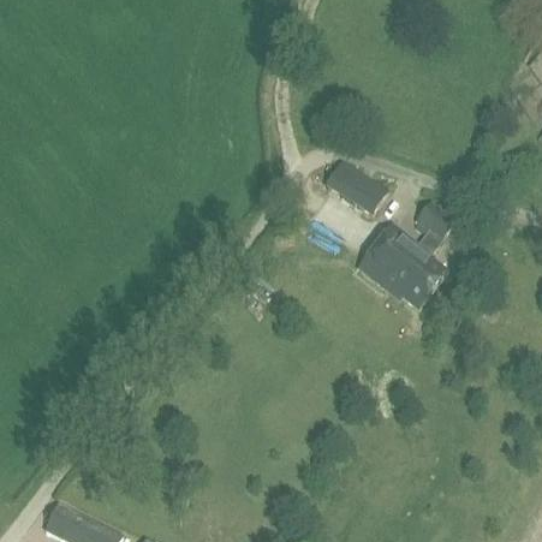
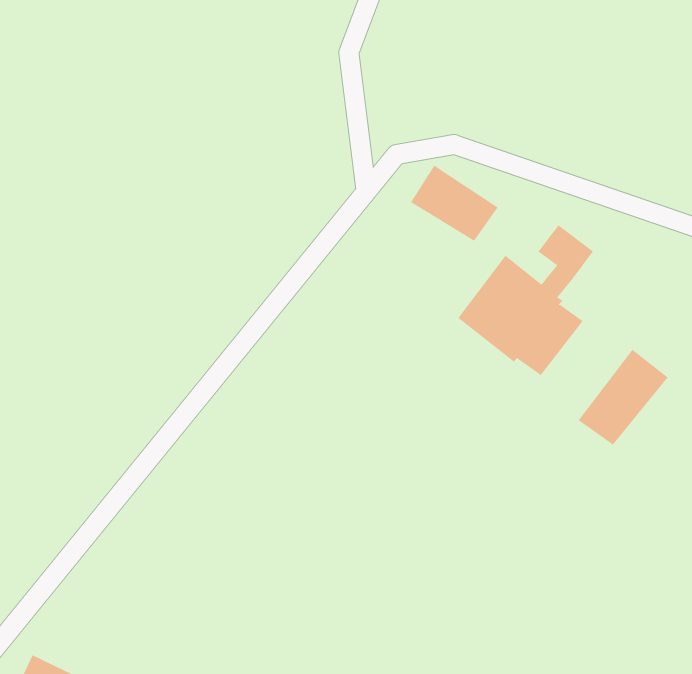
building: none -> [578,349,669,445]

